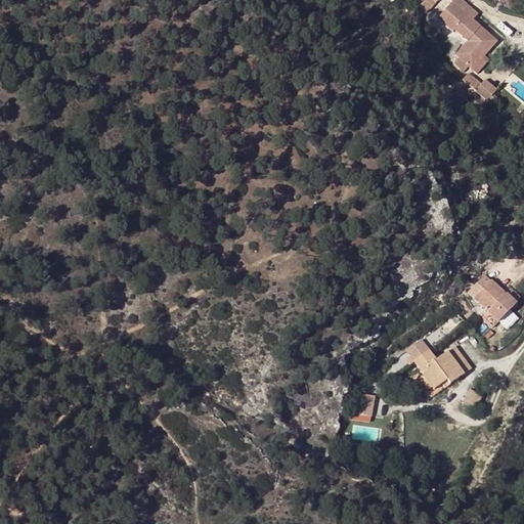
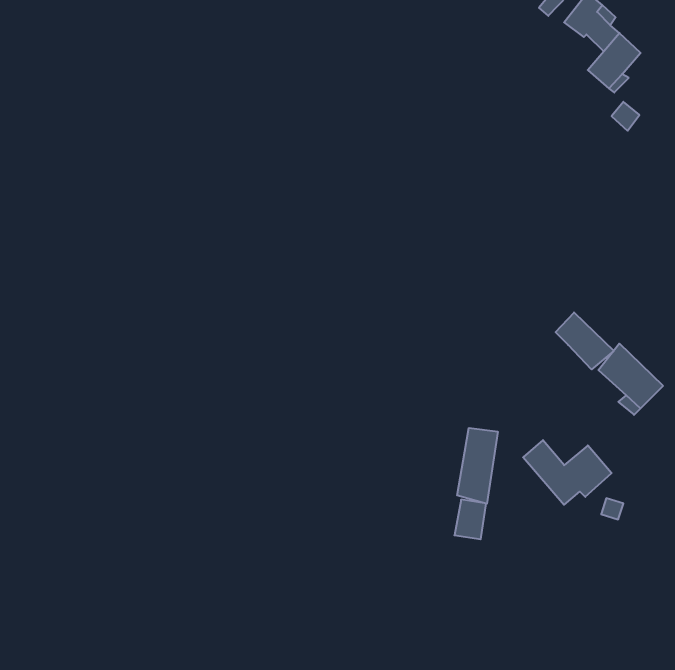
building: none -> [556,312,614,369]
building: none -> [457,428,498,504]

